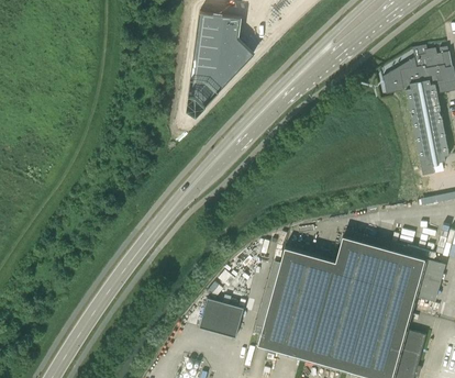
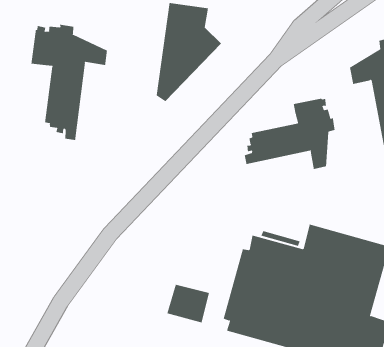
building: none -> [31,24,108,141]
building: none -> [244,98,335,170]

